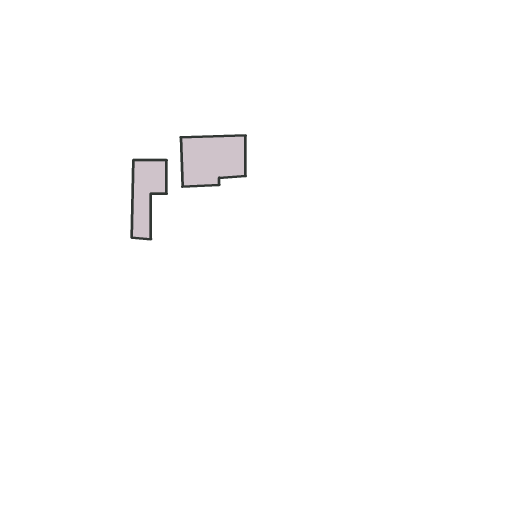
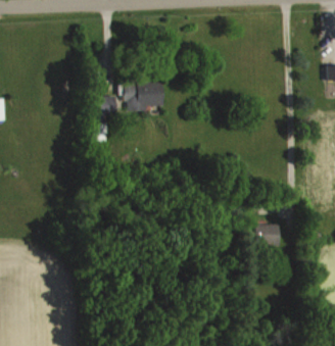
building: none -> [255,224,279,246]

